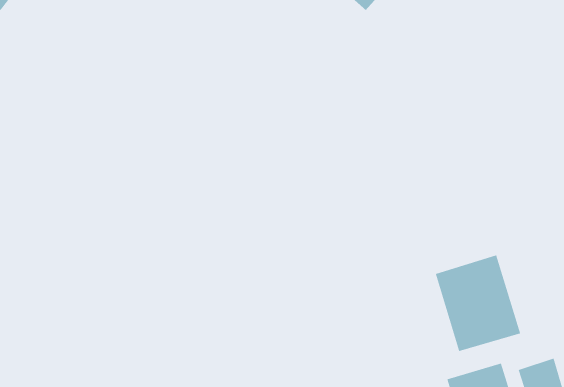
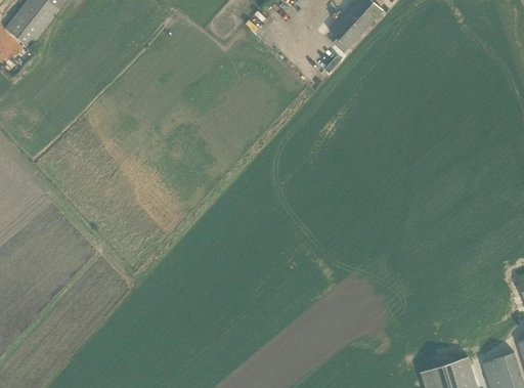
building: [435,254,521,352] -> none

